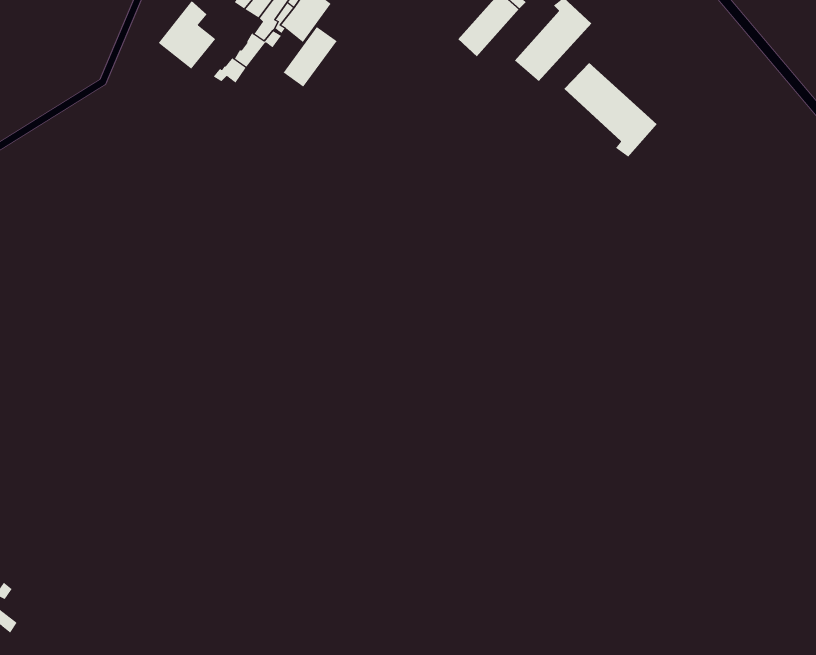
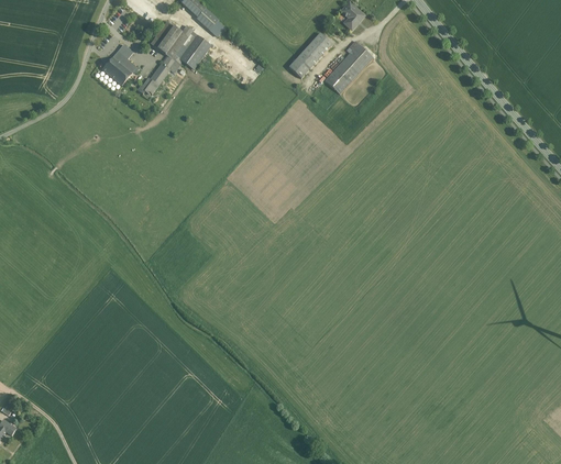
building: [283,26,337,88] -> none
building: [564,62,657,157] -> none

